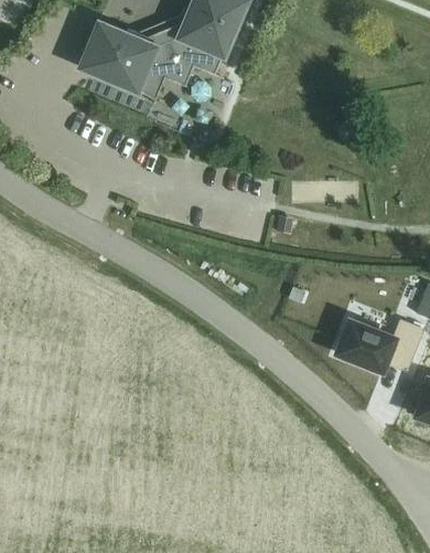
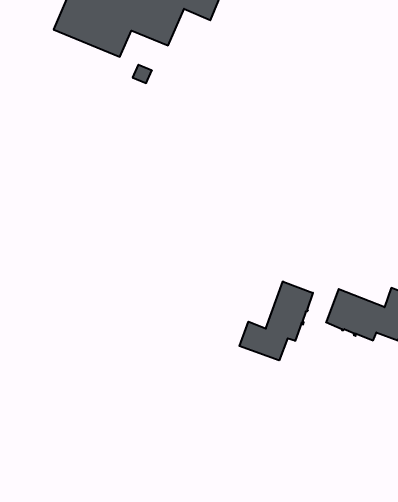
building: none -> [239,281,313,360]

